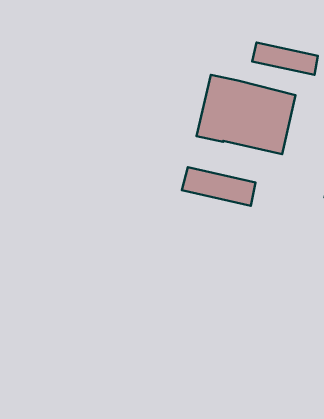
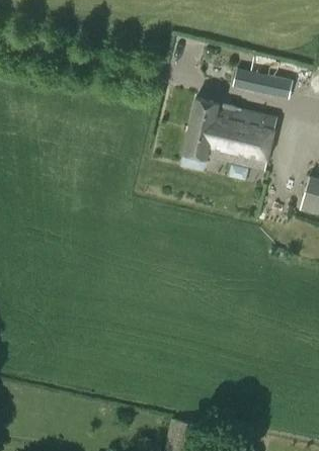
building: [182,167,256,206] -> none

